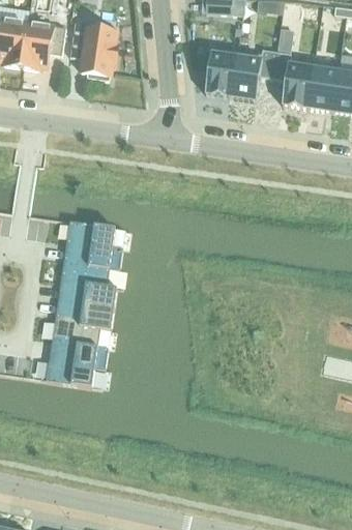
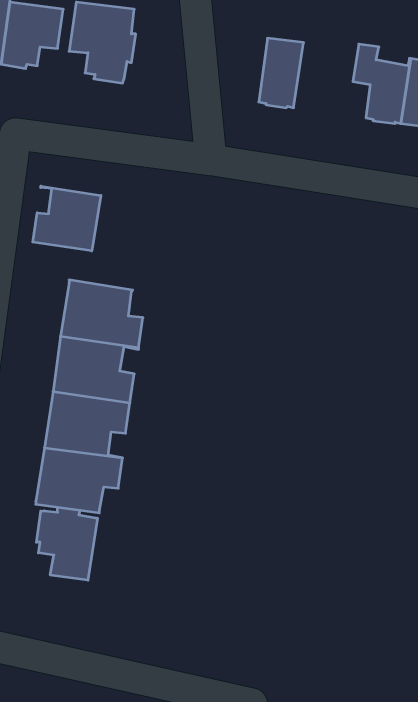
building: [230,49,276,100] -> none
building: none -> [33,186,101,251]
building: none -> [36,507,97,580]

